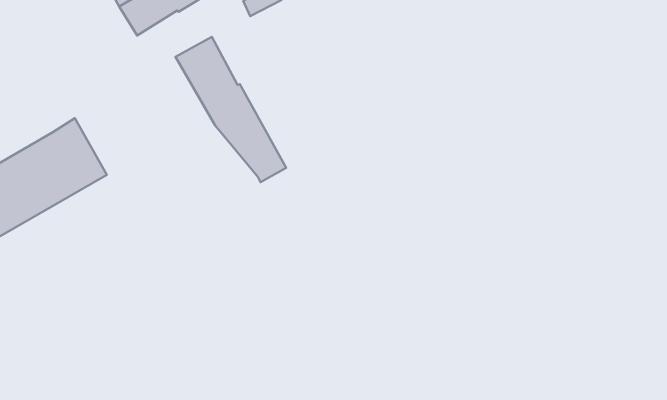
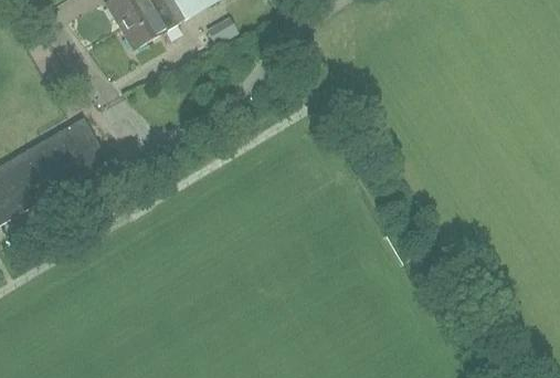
building: [175,37,286,182] -> none

